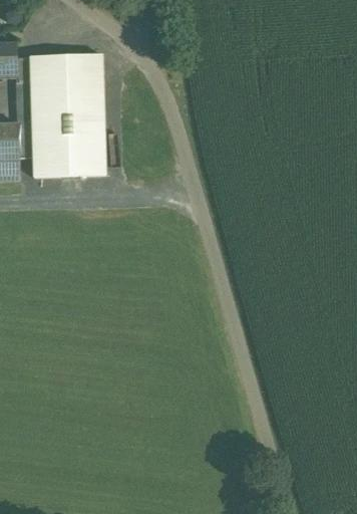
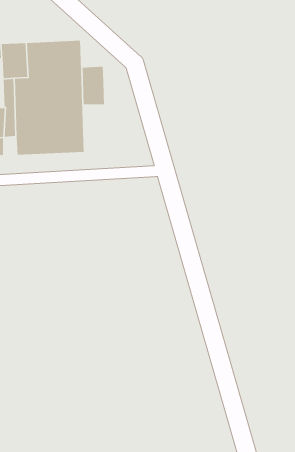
building: none -> [82,66,105,105]

